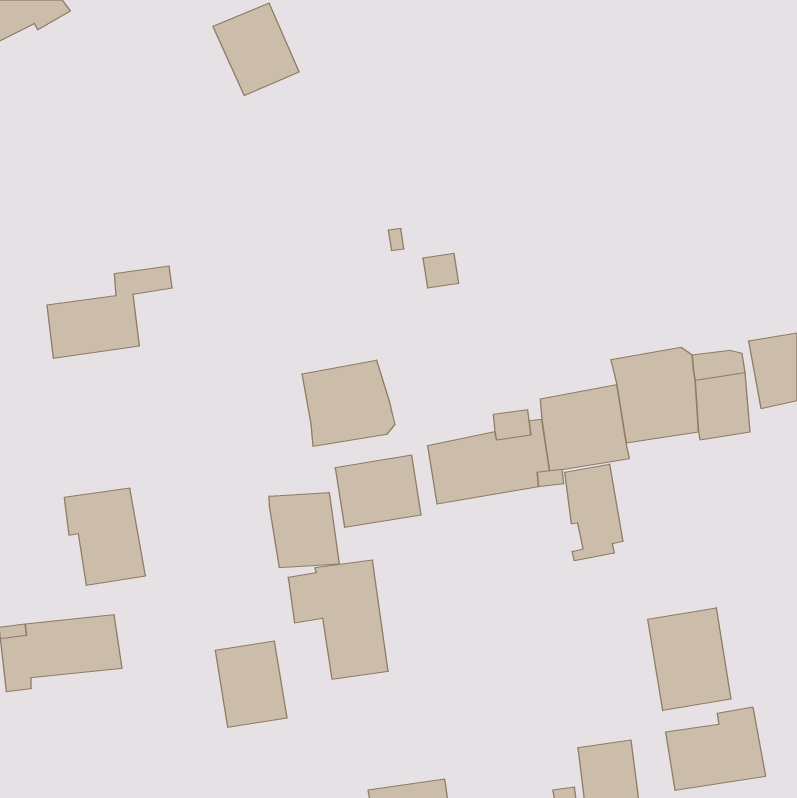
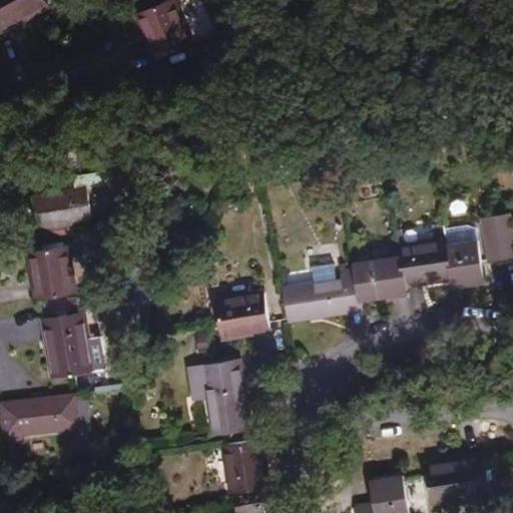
building: [302,360,395,446] -> none
building: none -> [28,245,74,301]
building: [565,464,623,561] -> none
building: [269,492,339,568] -> none
building: [648,608,731,711] -> none
building: [215,641,287,727] -> [221,439,268,494]

